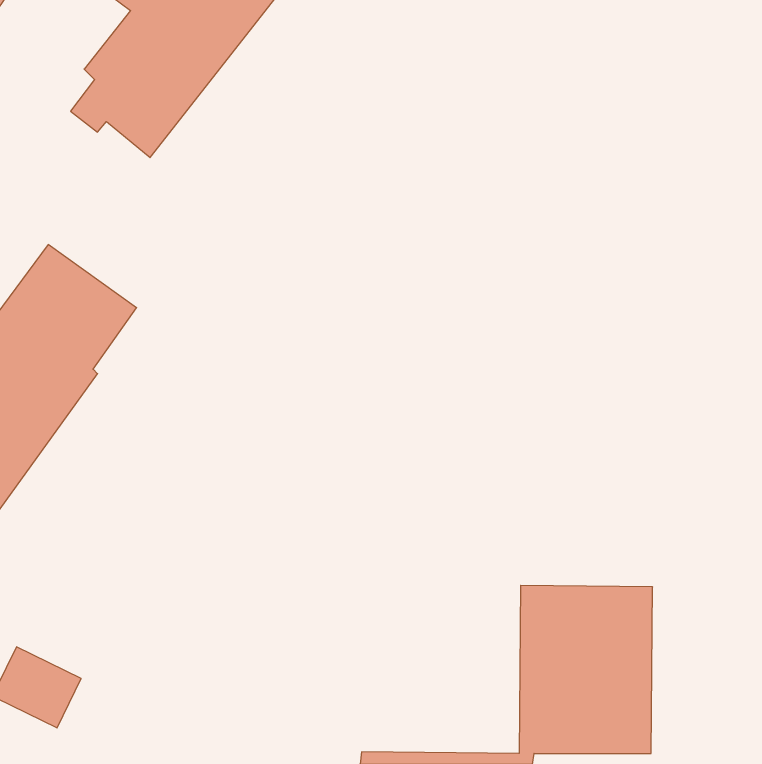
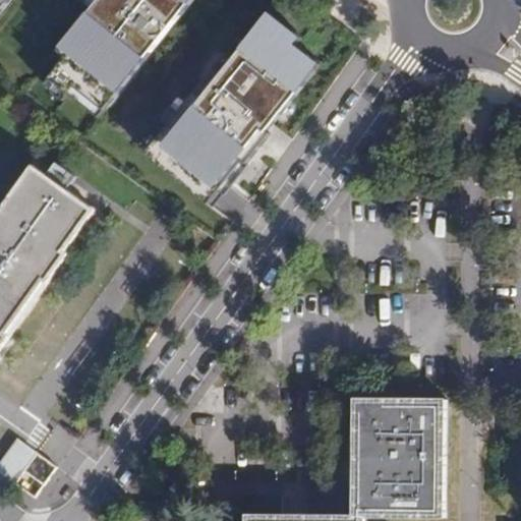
building: none -> [144,16,312,204]

